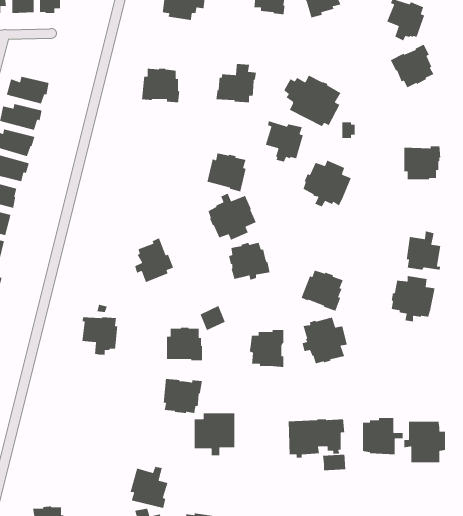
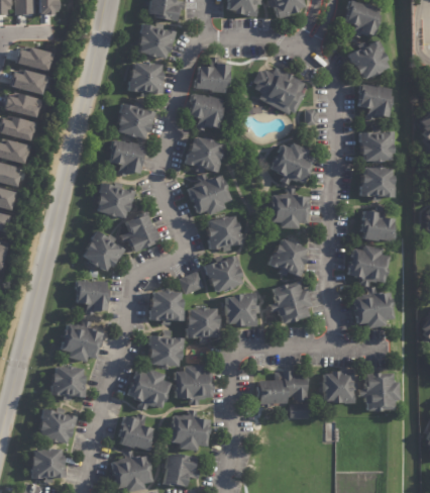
building: none -> [138,23,176,58]
building: none -> [16,45,55,71]
building: none -> [358,83,392,120]
building: none -> [117,103,154,138]
building: [265,120,304,162] -> [190,93,224,130]
building: none -> [111,139,144,177]
building: none -> [361,166,394,196]
building: none -> [97,183,134,218]
building: none -> [271,187,310,228]
building: none -> [85,230,124,272]
building: none -> [206,255,242,291]
building: none -> [352,287,393,327]
building: none -> [188,307,221,337]
building: none -> [62,319,102,362]
building: none -> [50,366,85,397]
building: none -> [127,369,170,412]
building: none -> [38,408,76,446]
building: none -> [172,409,210,451]

